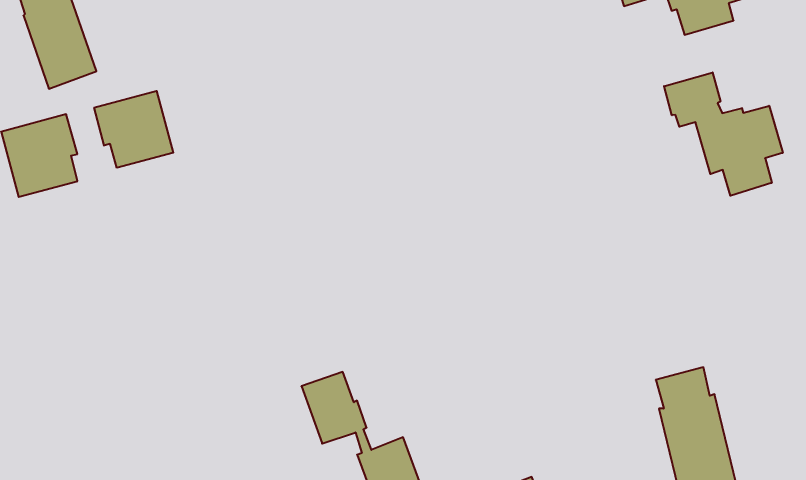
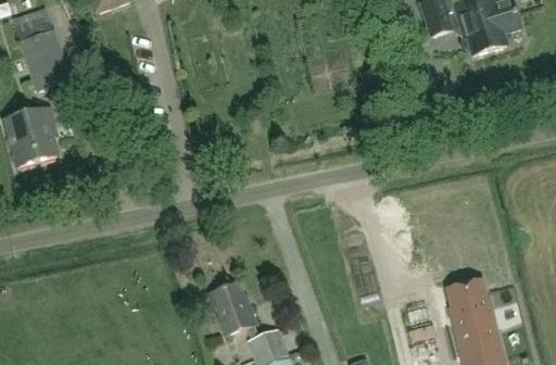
building: [664,72,783,196] -> none
building: [94,91,173,168] -> none

